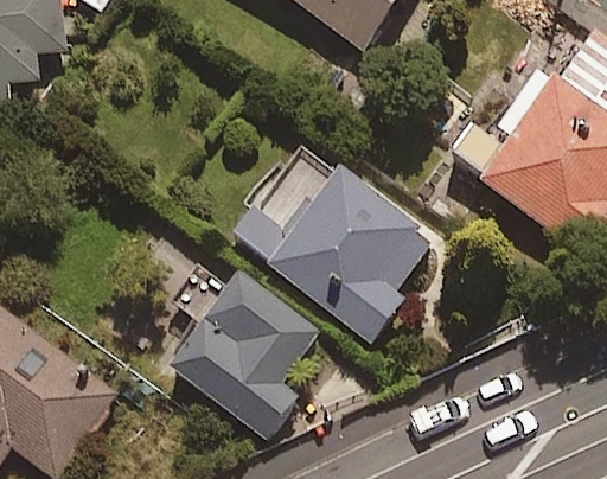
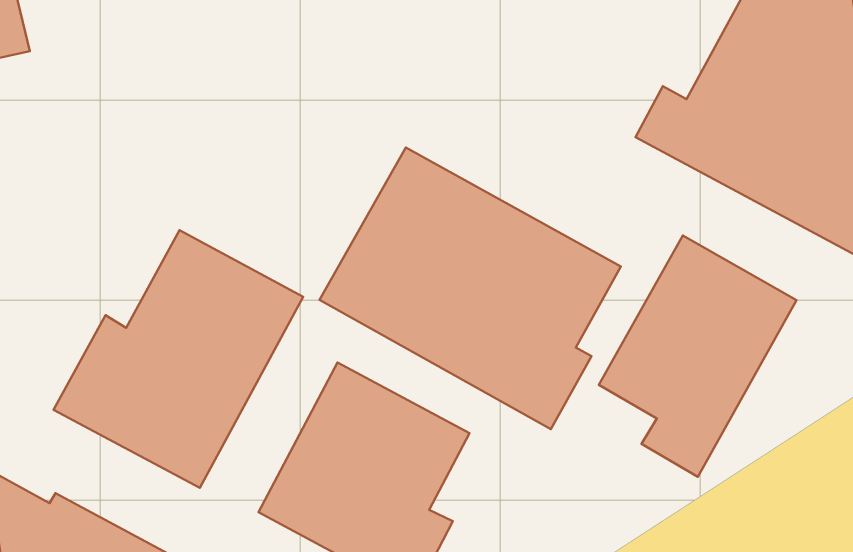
building: none -> [53,230,303,488]
building: none -> [599,235,797,477]

